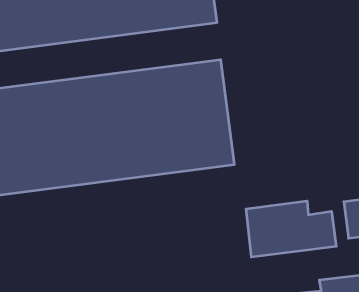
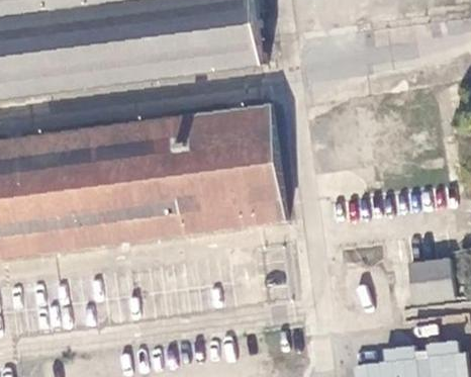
building: [246,201,336,257] -> none

